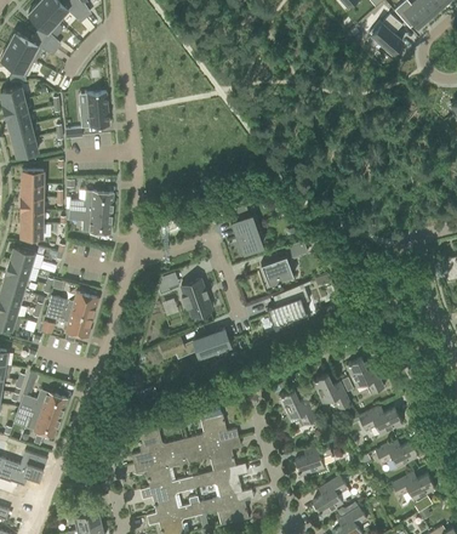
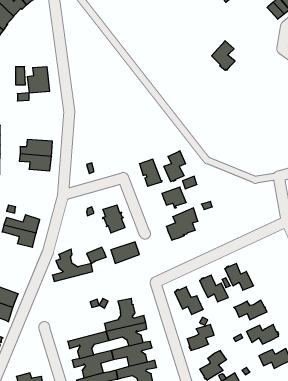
building: [371,13,402,53] -> [212,41,235,70]
building: none -> [164,151,185,182]
building: [131,420,185,464] -> [52,249,93,281]

